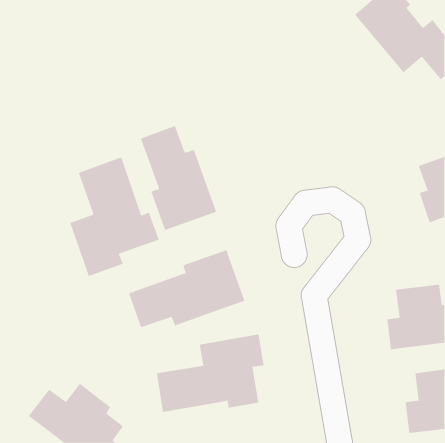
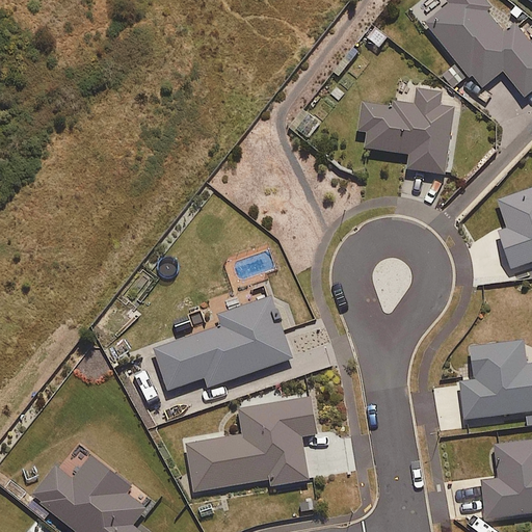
building: none -> [358,86,454,172]
building: [140,125,217,231] -> none
building: [70,157,159,277] -> none

